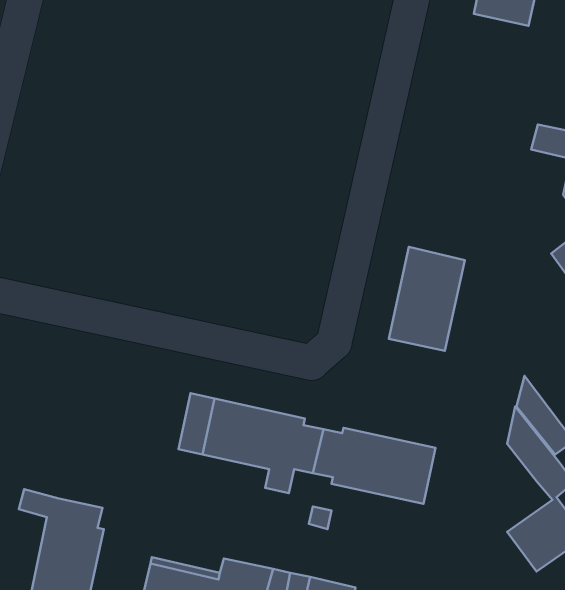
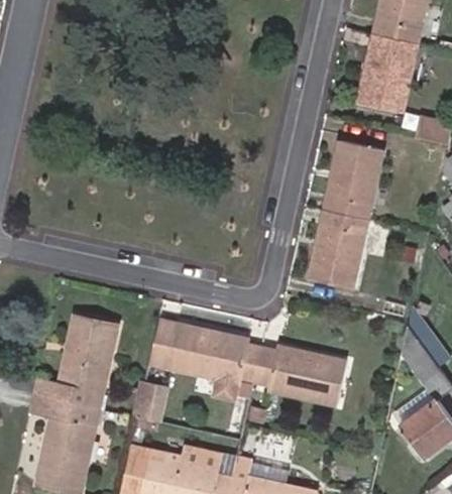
building: none -> [360,33,417,112]
building: none -> [326,141,384,220]
building: none -> [34,316,116,407]
building: none -> [137,382,167,422]

